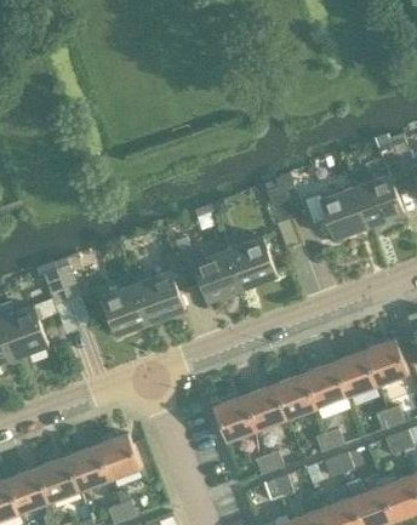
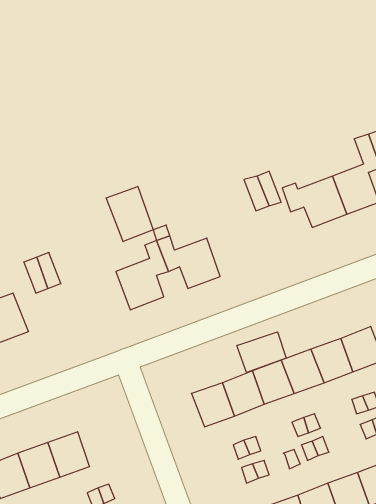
building: none -> [106,186,153,242]
building: [229,238,278,289] -> none
building: [103,284,152,335] -> none
building: none -> [237,332,286,372]
building: [98,435,141,481] -> none

